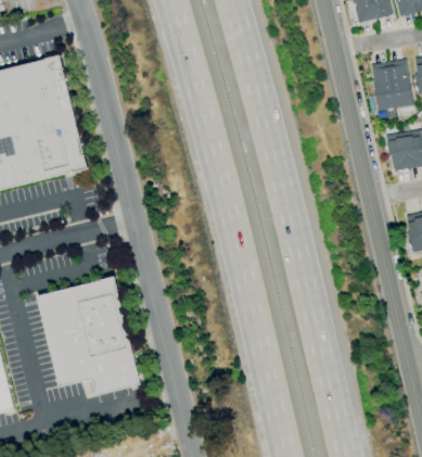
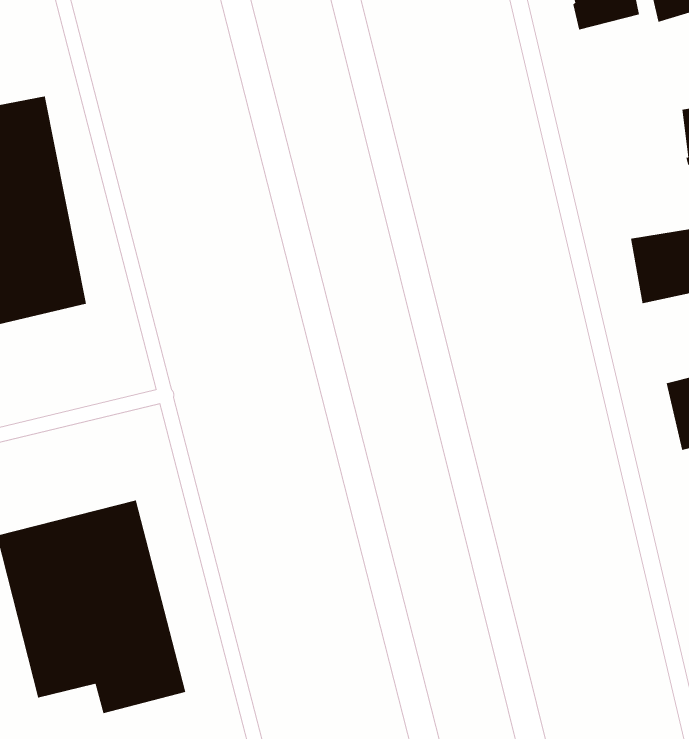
building: [367,60,410,111] -> none

